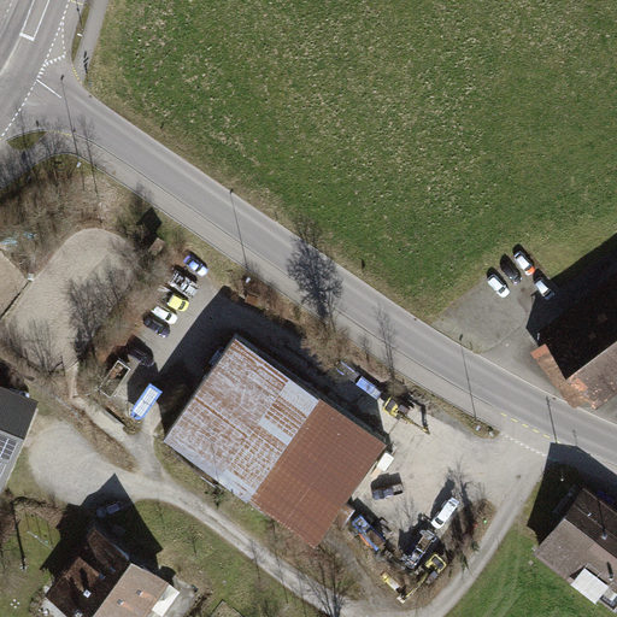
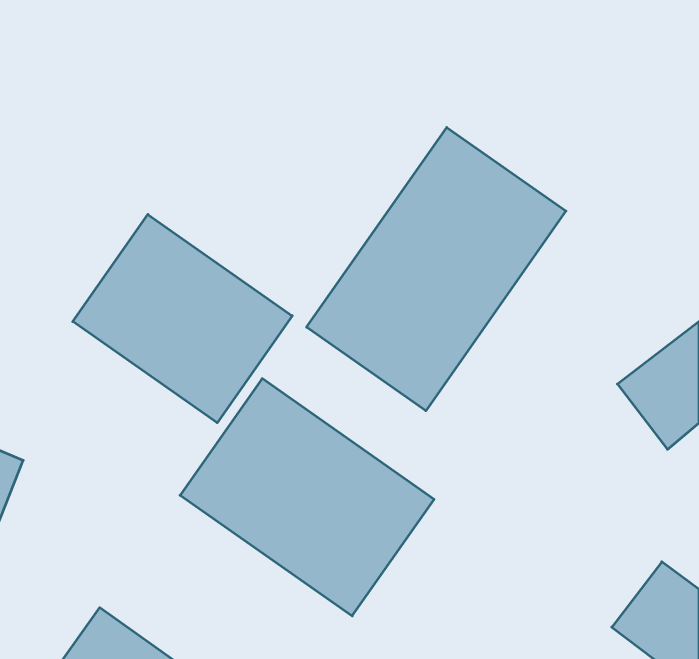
building: none -> [307,127,566,411]
building: none -> [73,214,292,423]

